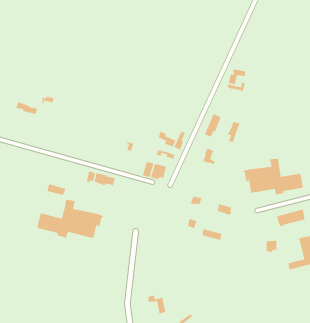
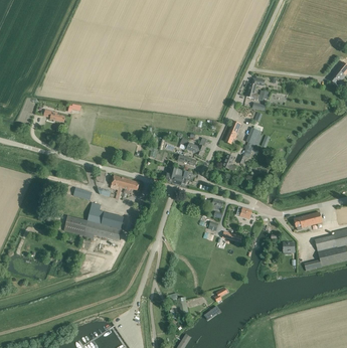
building: [242,158,304,196] -> none

